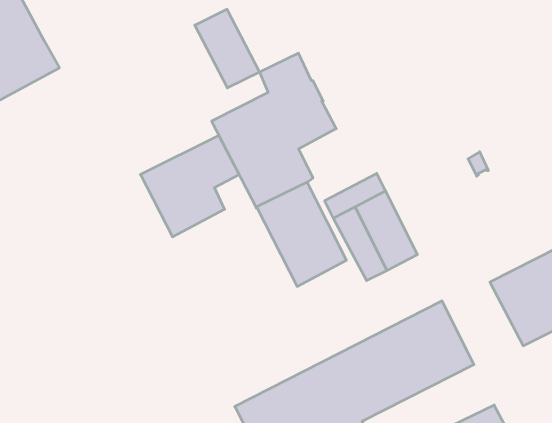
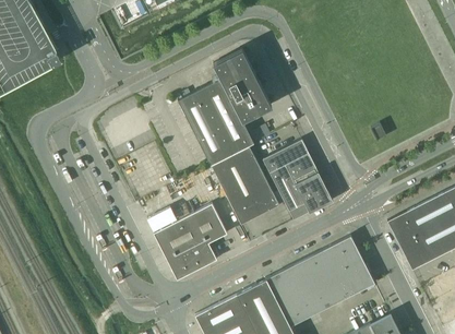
building: [195,9,259,88] -> none
building: [140,135,239,237] -> [153,204,227,281]

